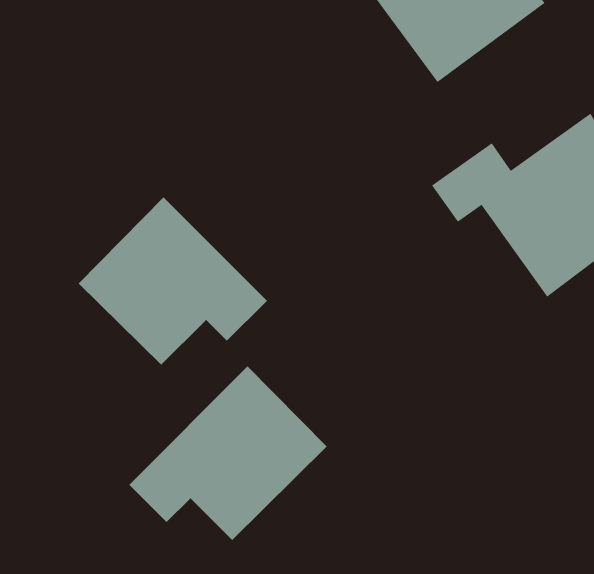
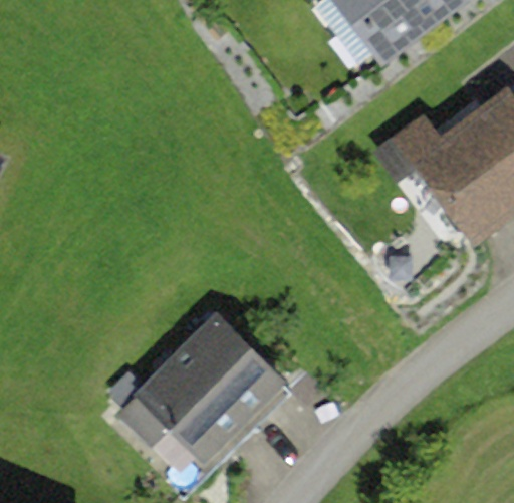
building: [78,197,268,366] -> none

